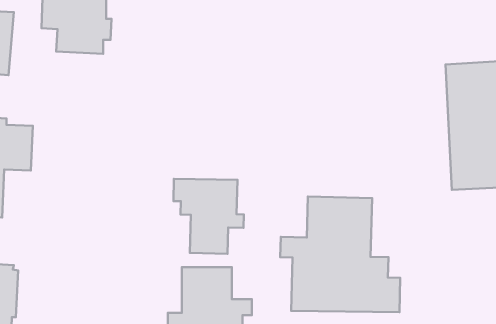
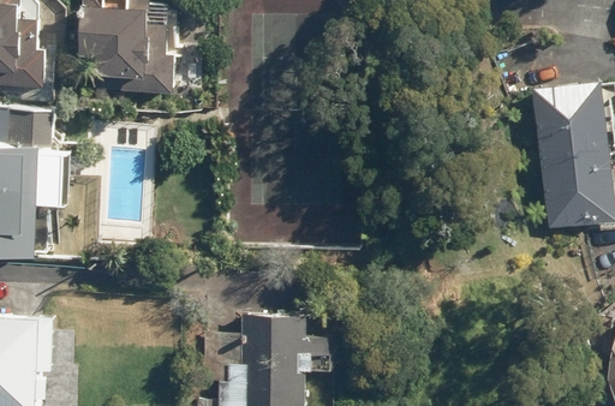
building: [173,179,244,254] -> none
building: [280,196,400,312] -> none

